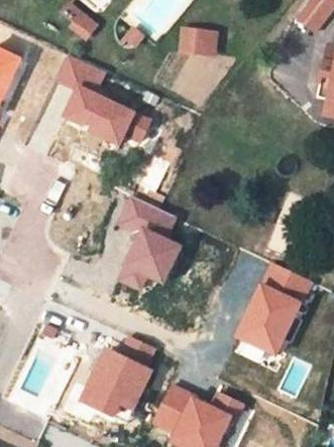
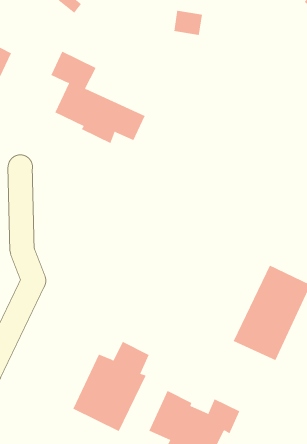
building: [116,198,179,293] -> none

